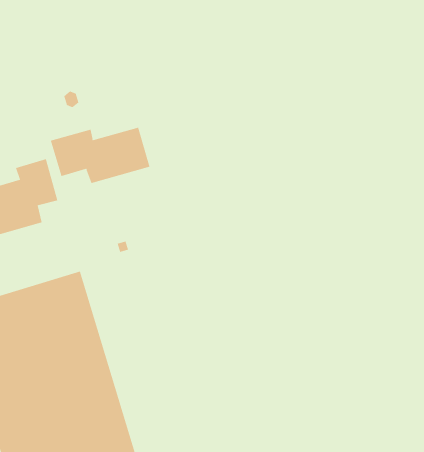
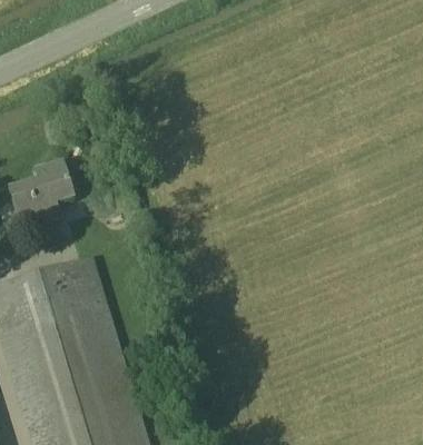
building: [50,127,150,184] -> none

